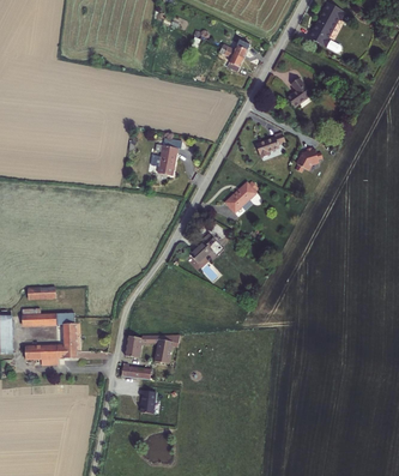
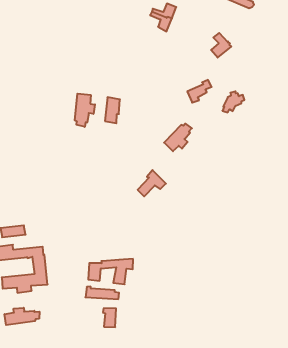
building: none -> [75,94,95,127]
building: none -> [5,308,39,325]

